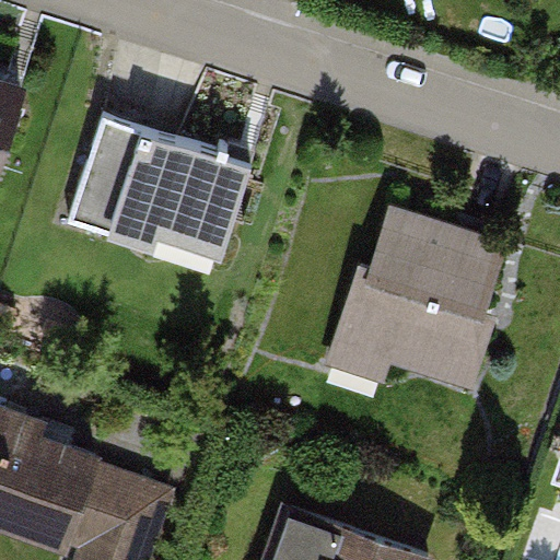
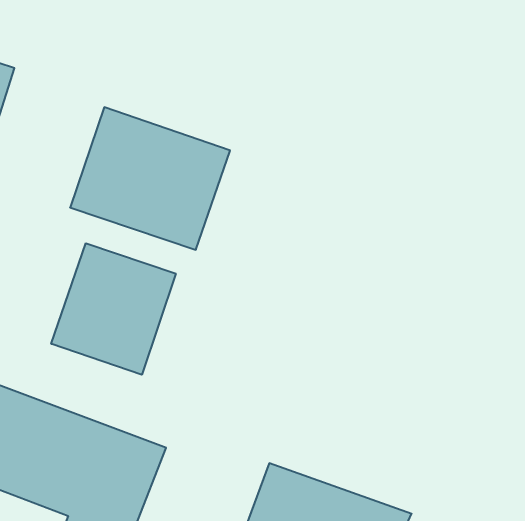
building: [336,207,505,395] -> none
building: none -> [51,243,176,375]

